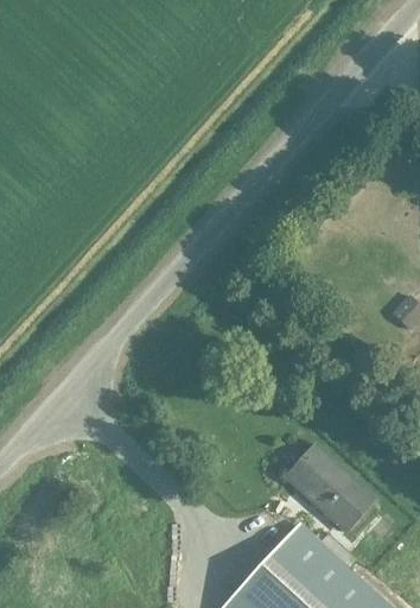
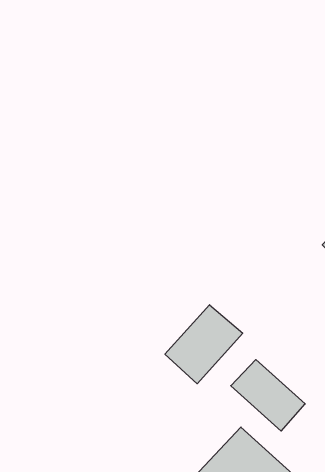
building: none -> [165,305,243,384]

